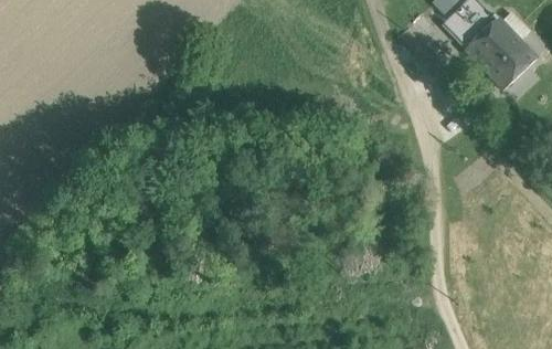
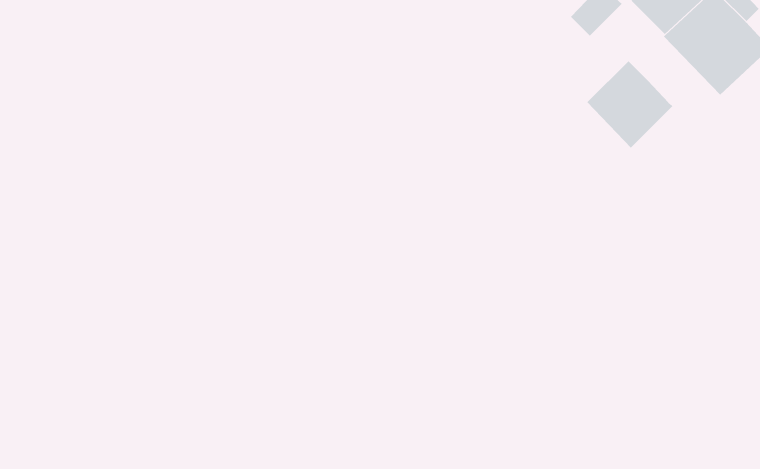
building: none -> [586,60,674,148]

